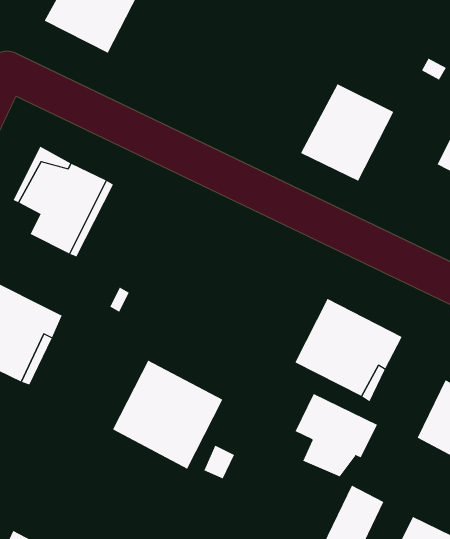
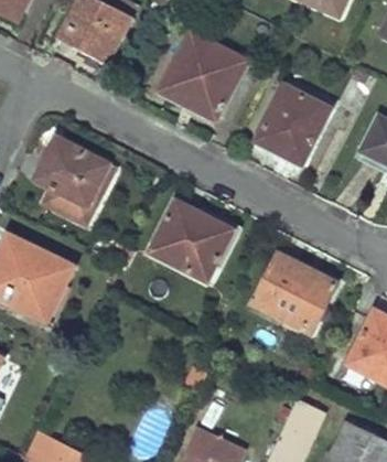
building: none -> [164,32,246,119]
building: [112,360,223,469] -> [148,198,234,283]
building: [295,393,378,477] -> none

